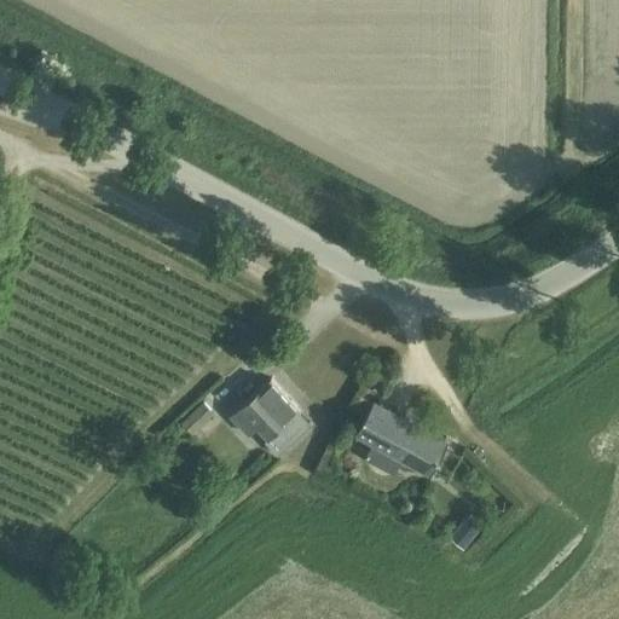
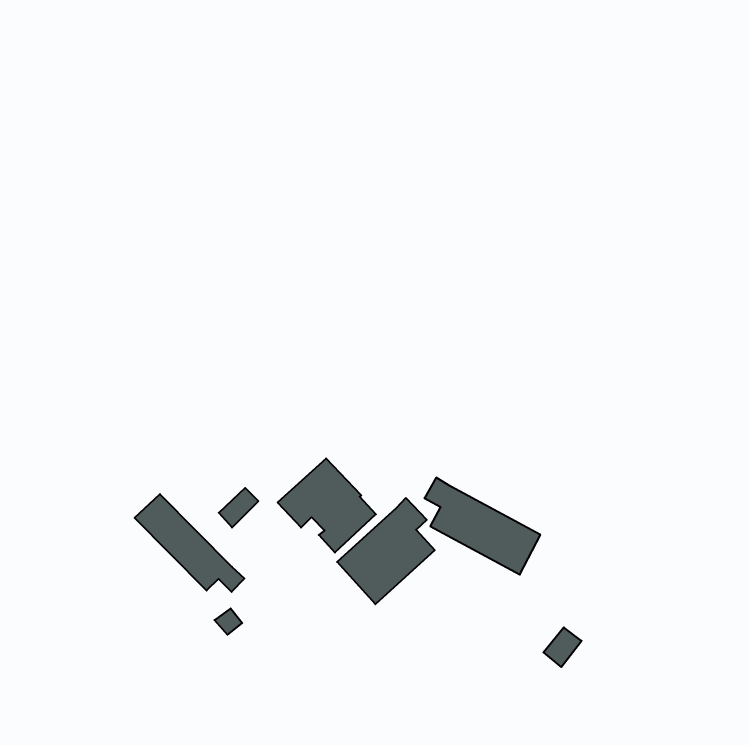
building: none -> [135,494,244,592]
building: none -> [337,498,435,604]

